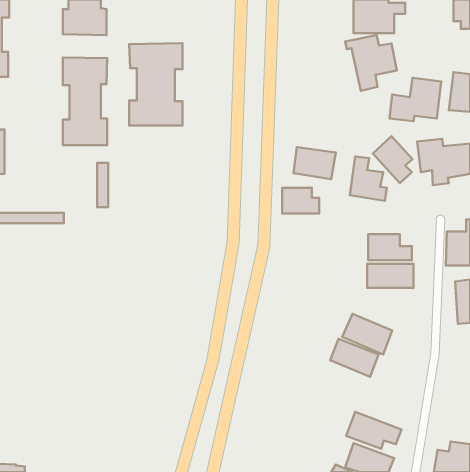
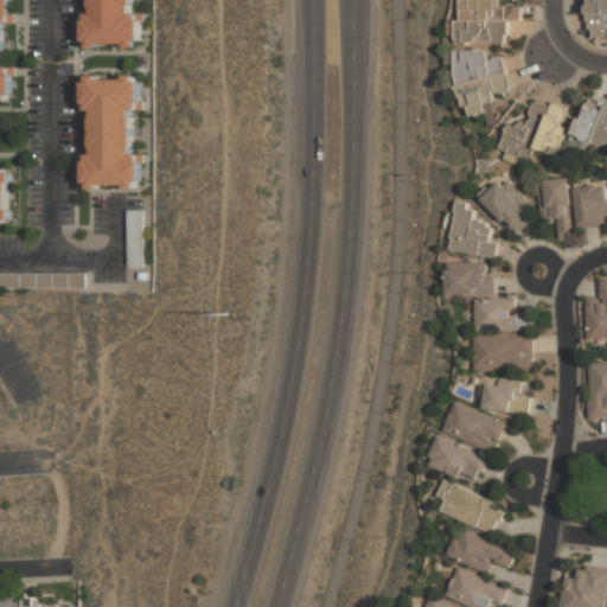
building: [129,43,182,125] -> none
building: [293,147,336,179] -> none
building: [282,188,319,214] -> [445,262,492,295]
building: none -> [479,381,528,411]
building: none -> [434,479,505,533]

